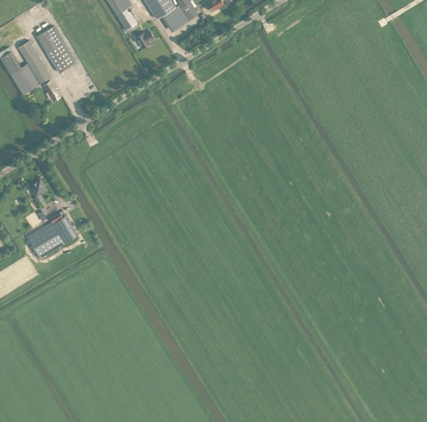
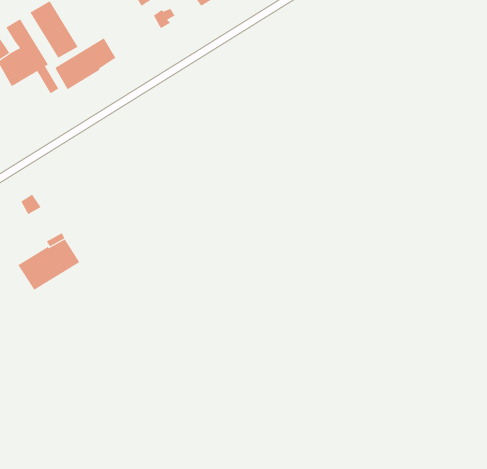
building: none -> [55,38,116,90]

